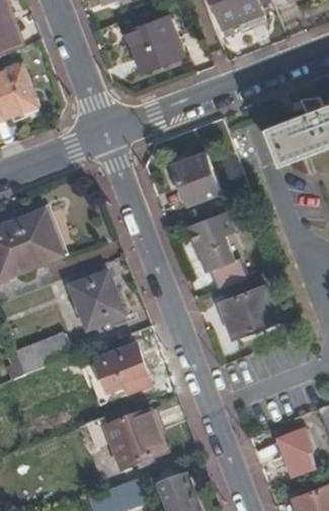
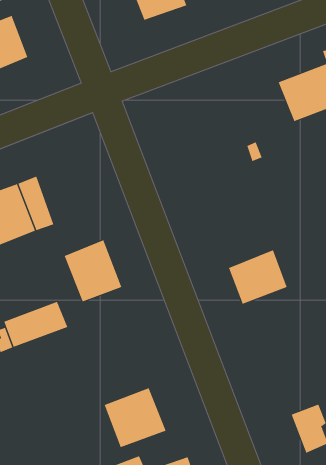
building: [172,151,221,204] -> none
building: [187,208,246,291] -> none
building: [93,347,149,396] -> none

